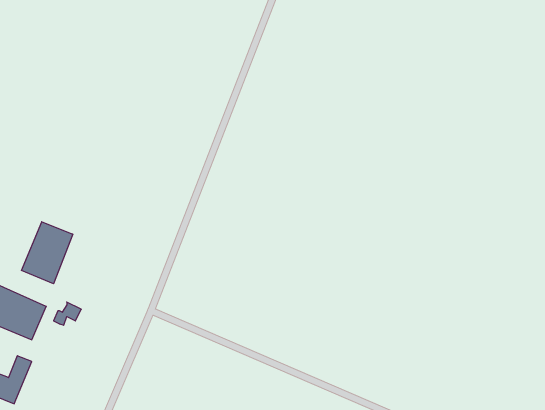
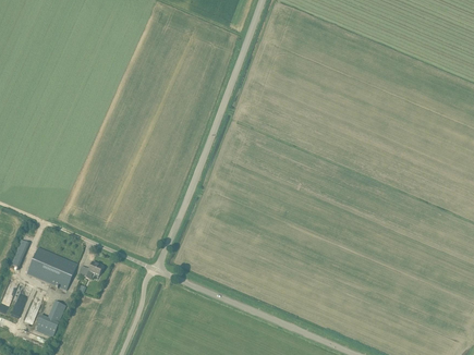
building: [22,222,73,284] -> none

